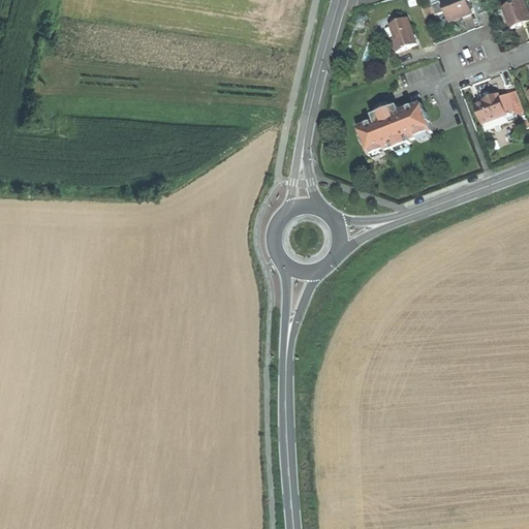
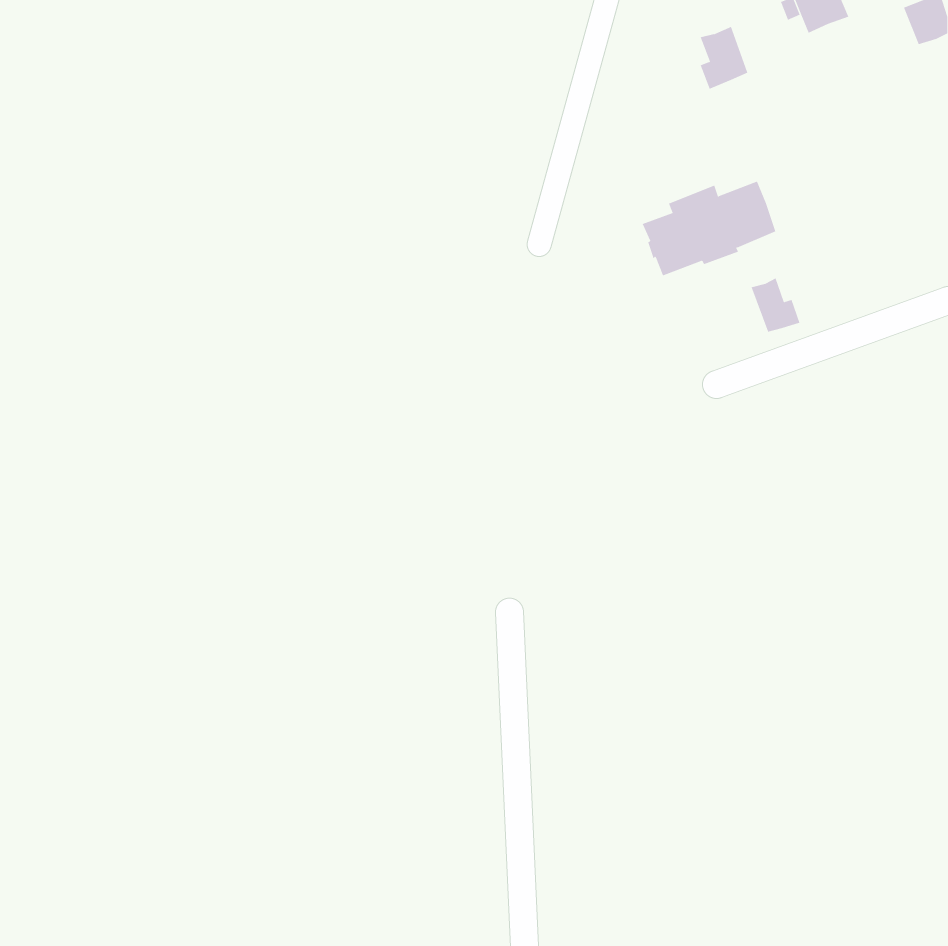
building: [473,91,516,128] -> none
building: none -> [751,278,800,333]

